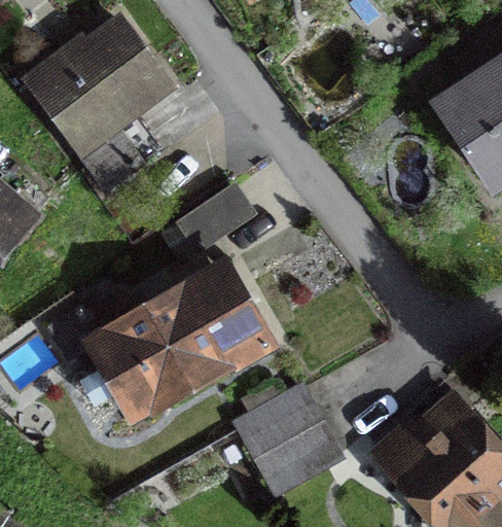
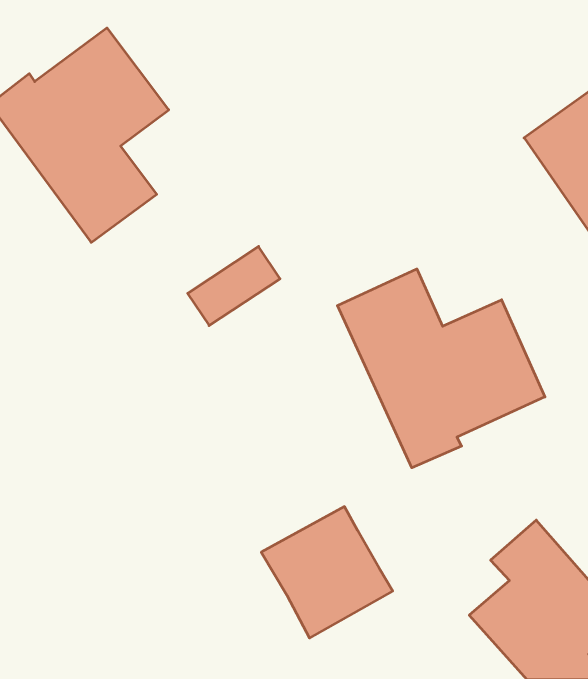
building: none -> [337,269,545,468]
building: [47,266,270,415] -> none

